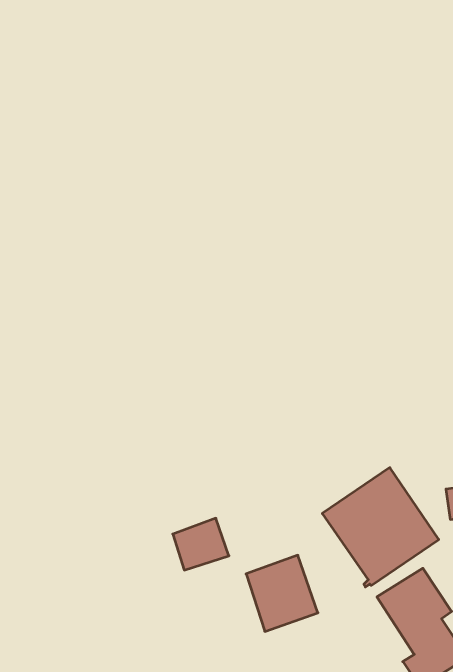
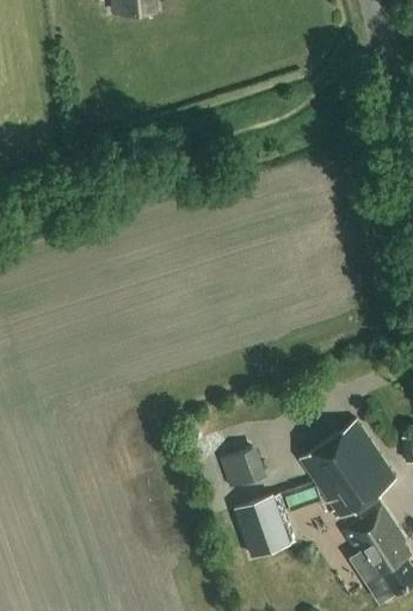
building: [173,518,229,570] -> [218,445,265,488]

